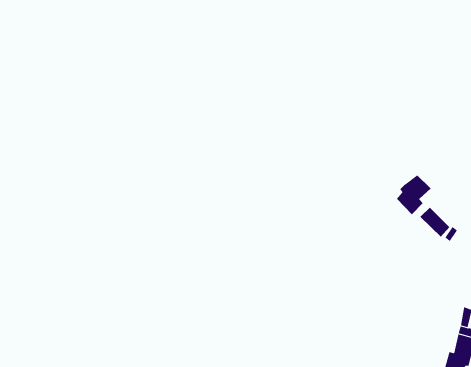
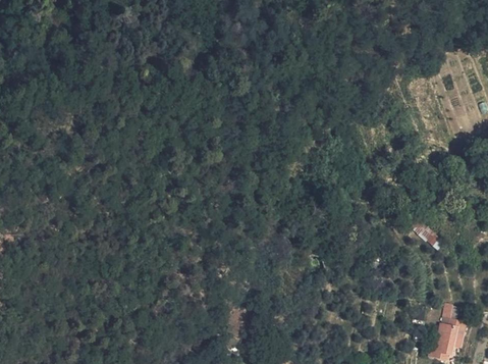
building: [396,174,431,215] -> none

